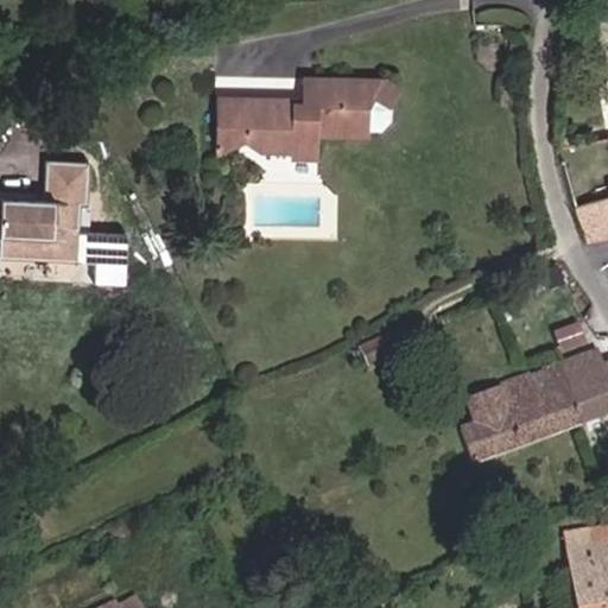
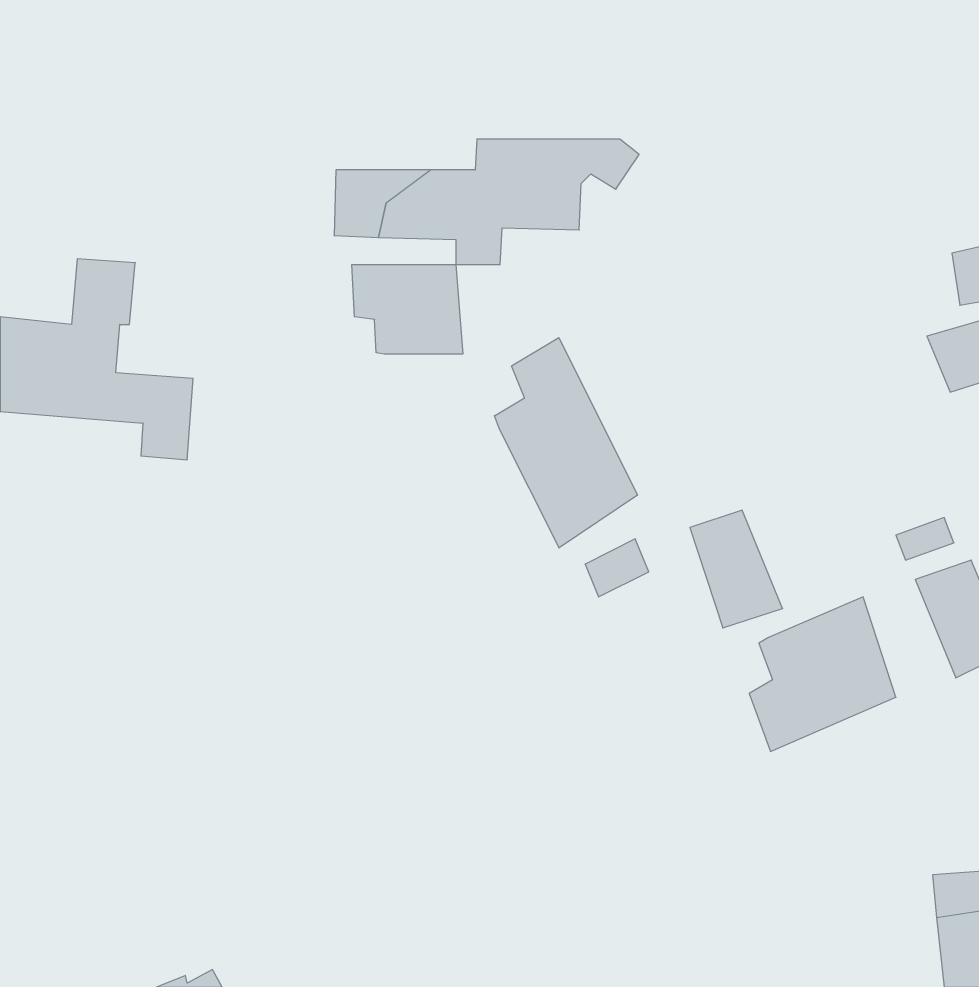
building: none -> [352,264,463,354]
building: none -> [494,338,637,548]
building: [536,356,593,429] -> [690,510,783,628]

